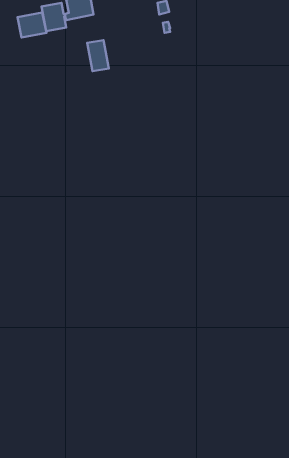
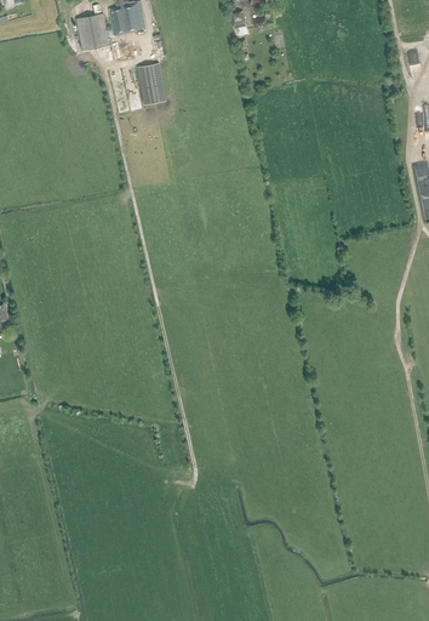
building: [18,13,46,37] -> none

